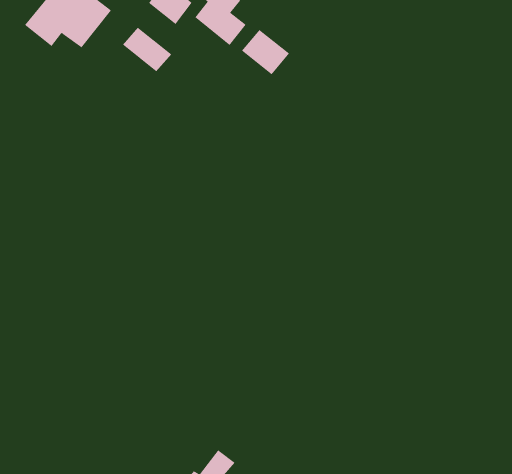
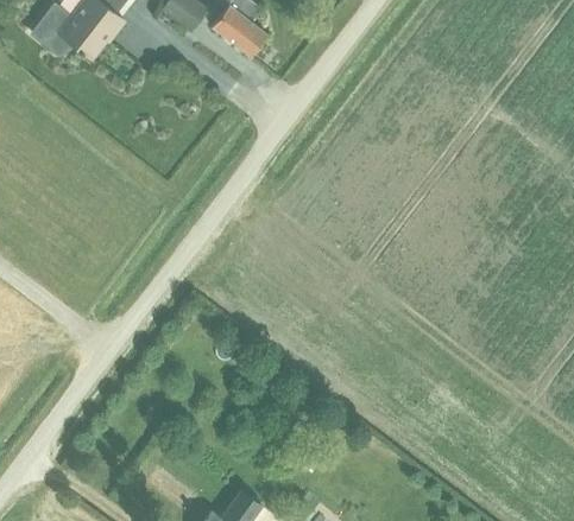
building: [122,27,172,72] -> none
building: [241,29,290,75] -> none

